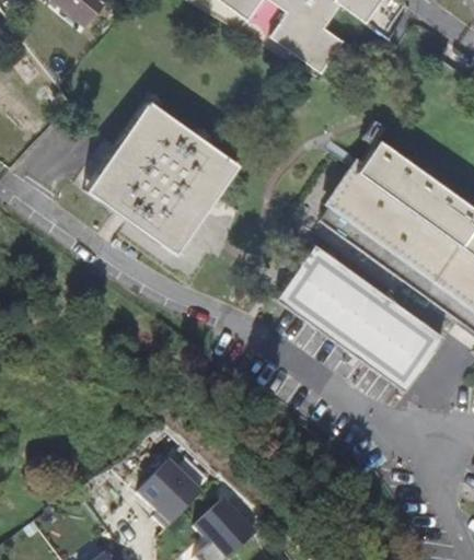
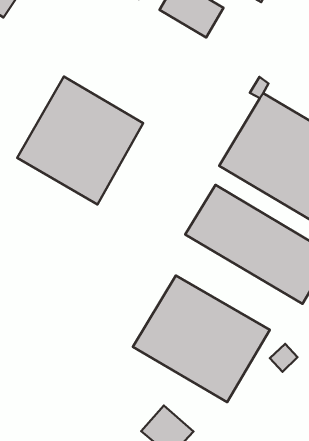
building: none -> [133,275,270,402]
building: [140,456,208,524] -> none

